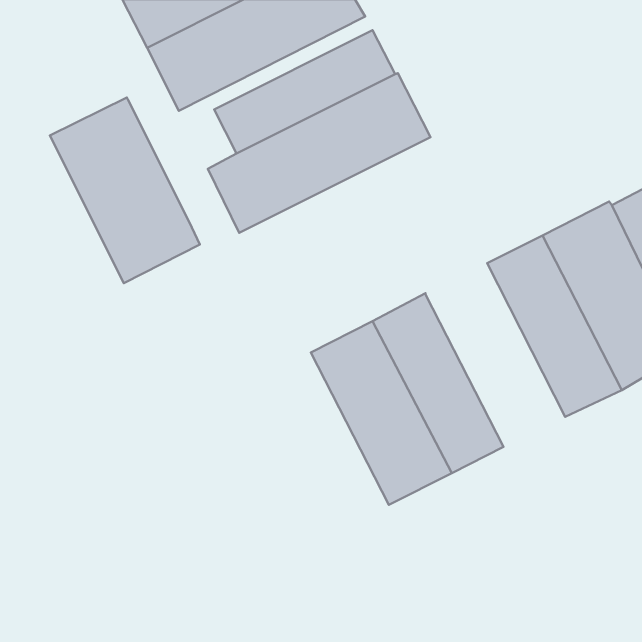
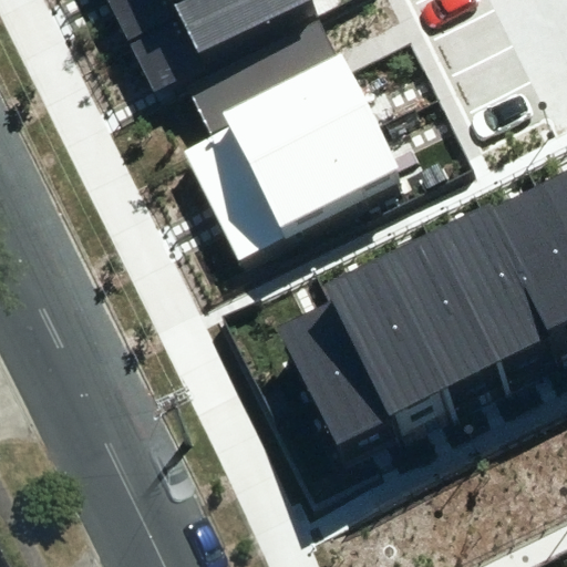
building: [50,97,200,283] -> none
building: none -> [212,121,408,259]
building: none -> [375,231,498,393]

